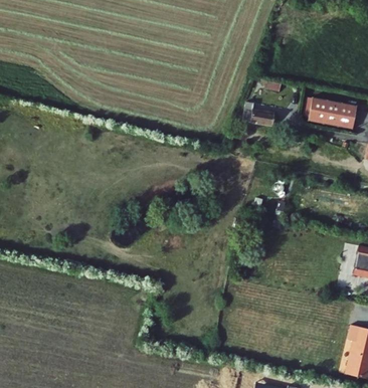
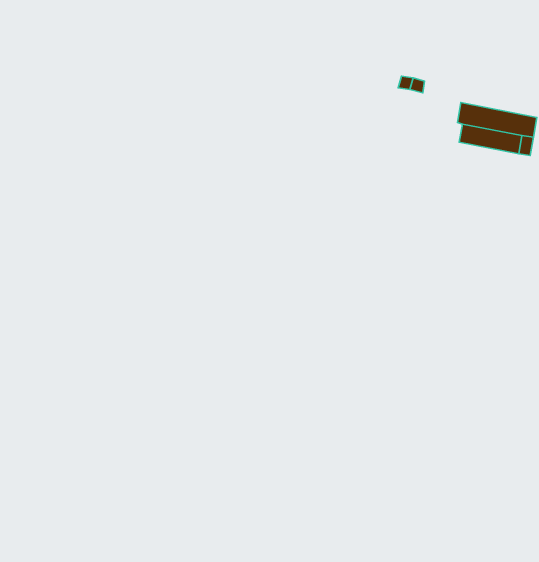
building: [240,100,271,124] -> none

